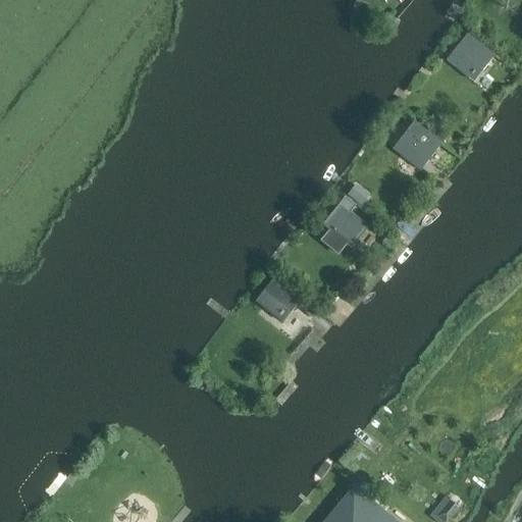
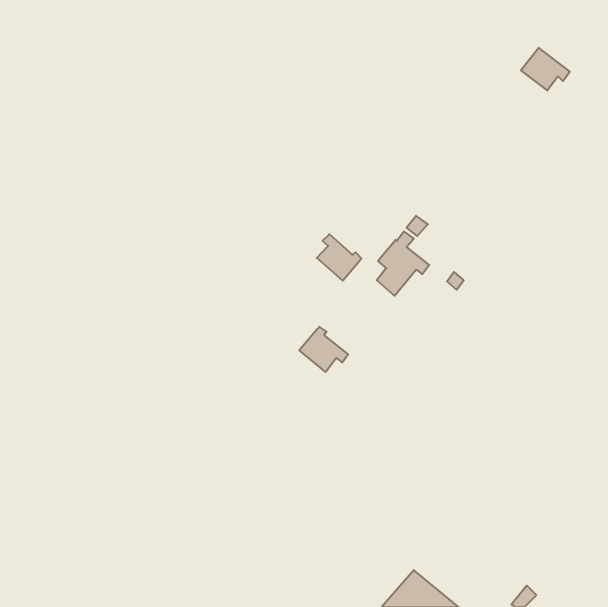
building: [393,125,435,165] -> none
building: none -> [317,234,361,281]

